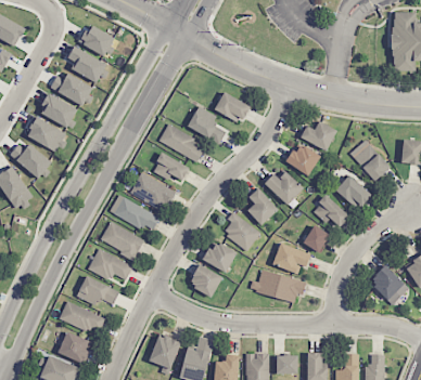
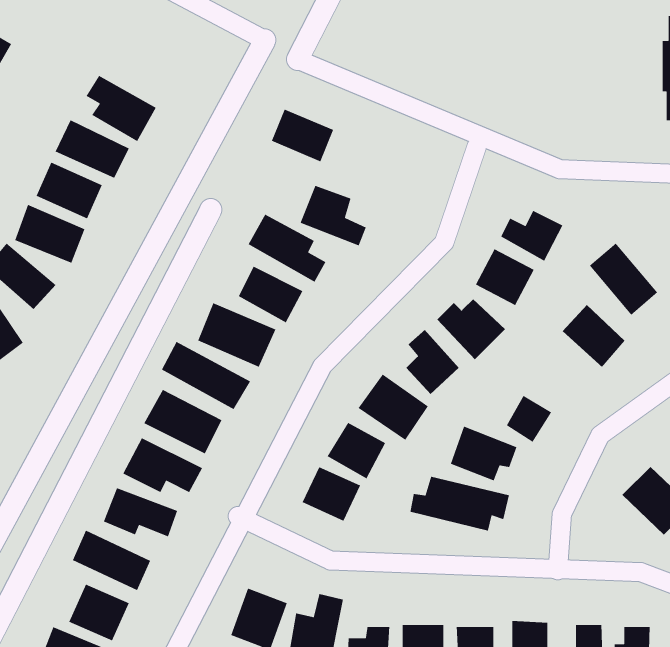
building: [80,25,114,55] -> none
building: [215,92,251,122] -> [271,108,334,162]
building: [312,195,349,226] -> none

